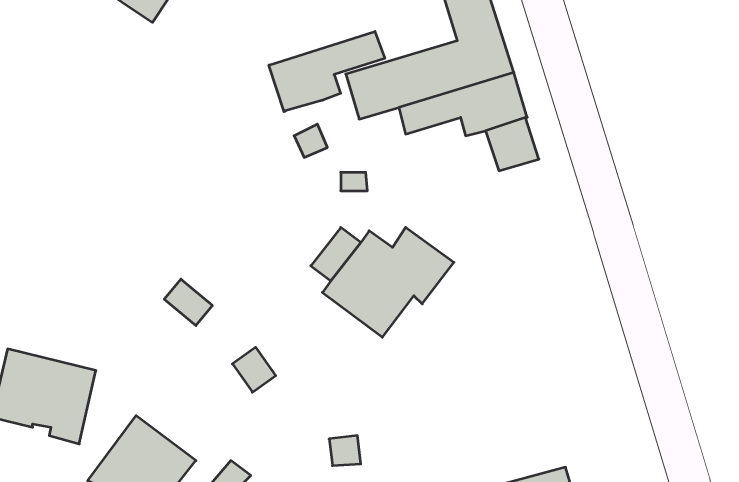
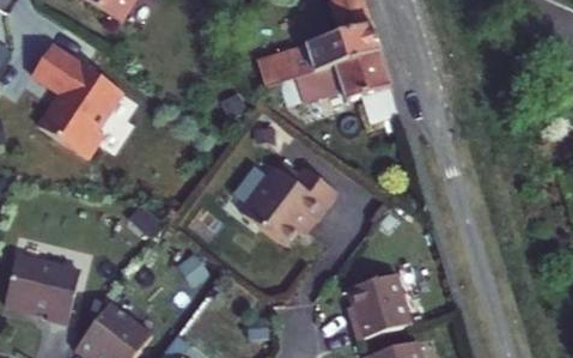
building: [269,31,385,112] -> none
building: none -> [31,43,122,157]
building: none -> [349,275,413,341]

